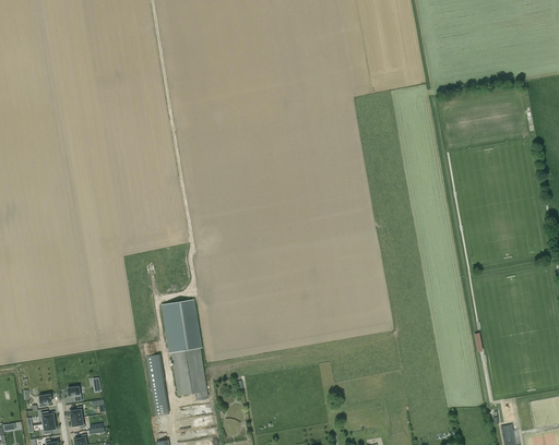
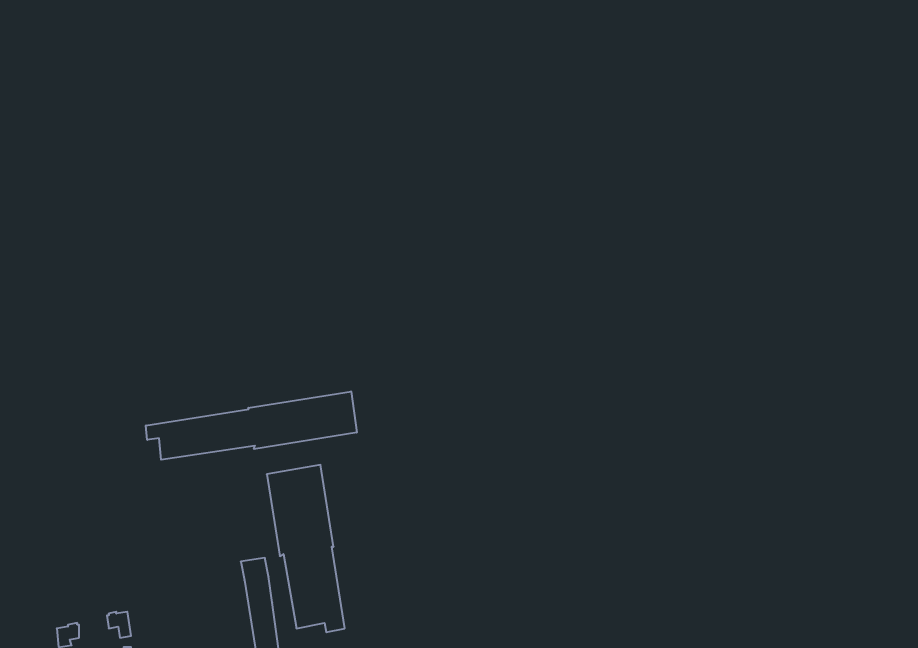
building: none -> [146,391,357,460]

